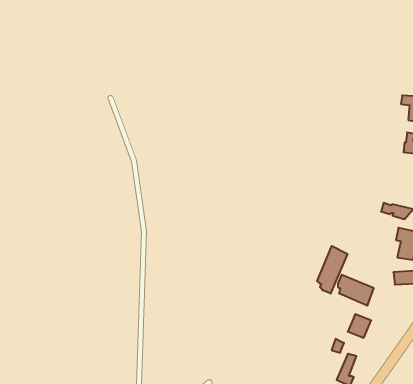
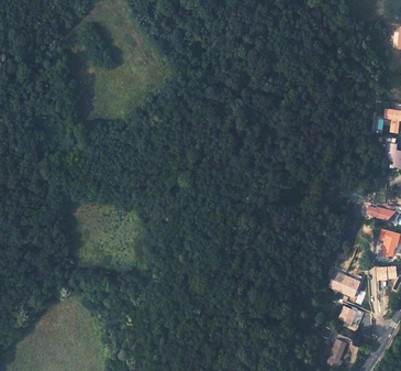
building: [317,246,347,294] -> none

